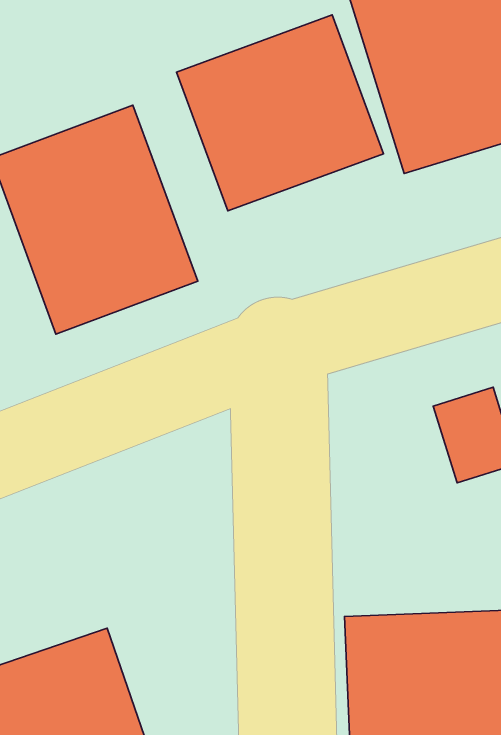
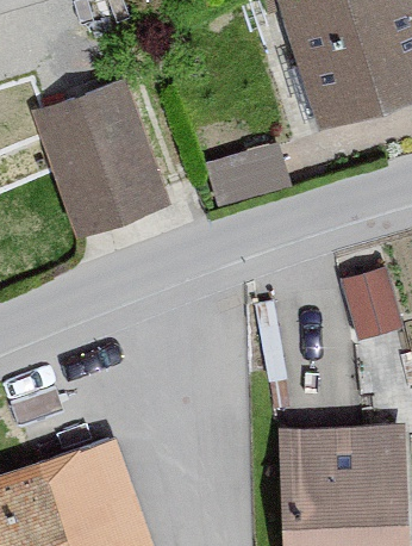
building: [177,15,383,211] -> none

